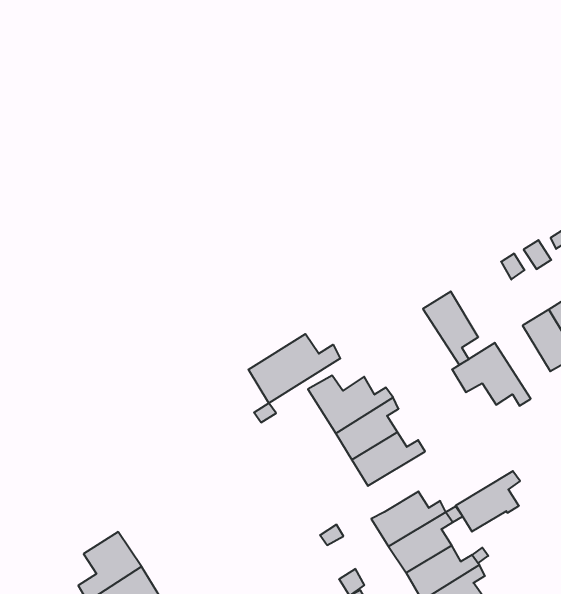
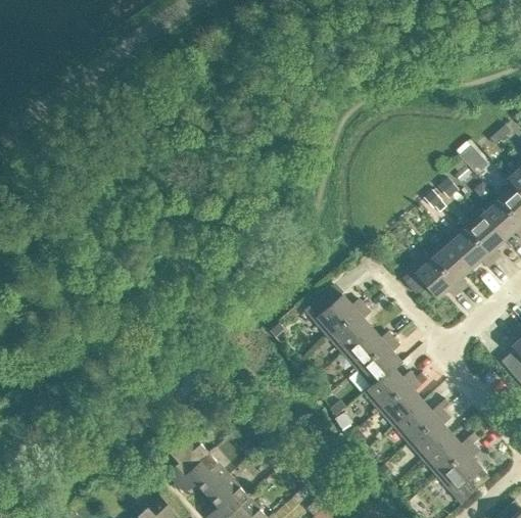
building: [423,291,478,365] -> [430,240,472,290]
building: [248,334,340,403] -> none
building: [456,471,520,532] -> [359,339,402,386]

